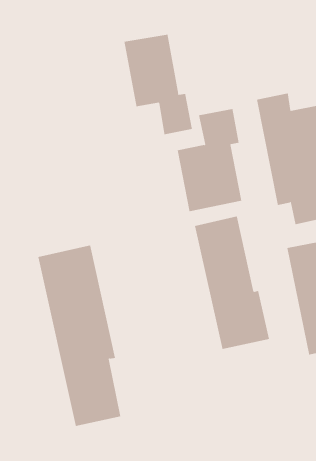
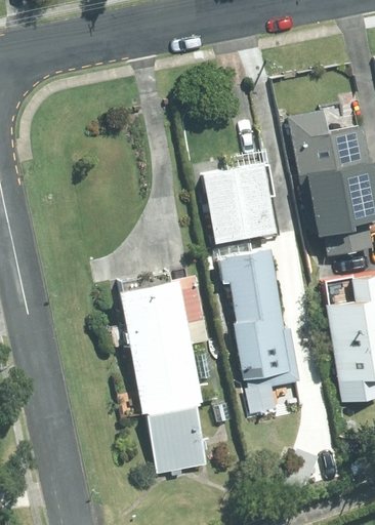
building: [124,34,193,135] -> none
building: [37,245,121,426] -> [116,277,209,479]

